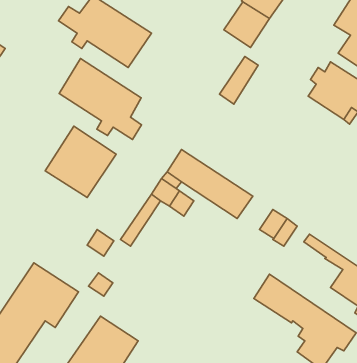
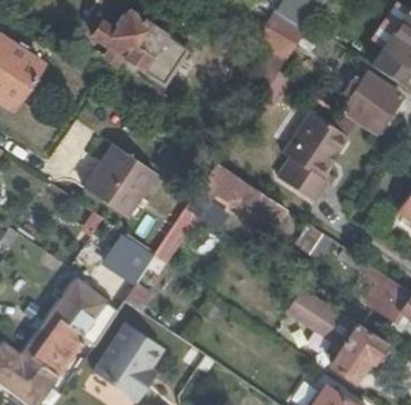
building: [59,58,142,140] -> none
building: none -> [279,112,348,204]

